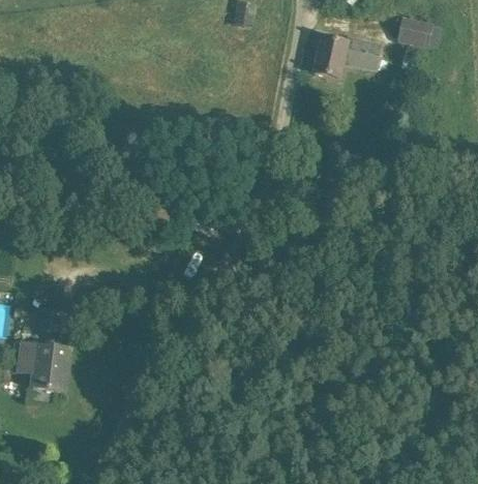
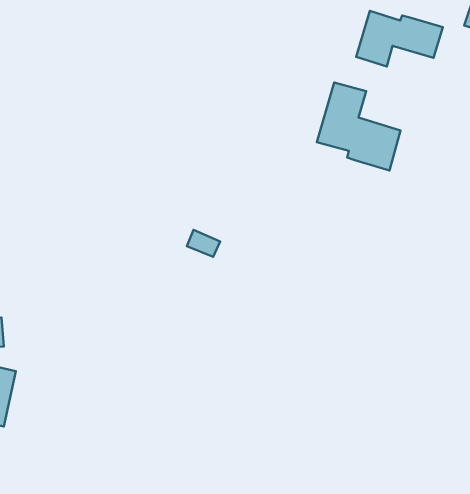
building: none -> [317,82,401,170]

